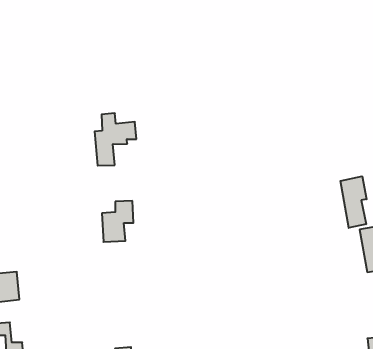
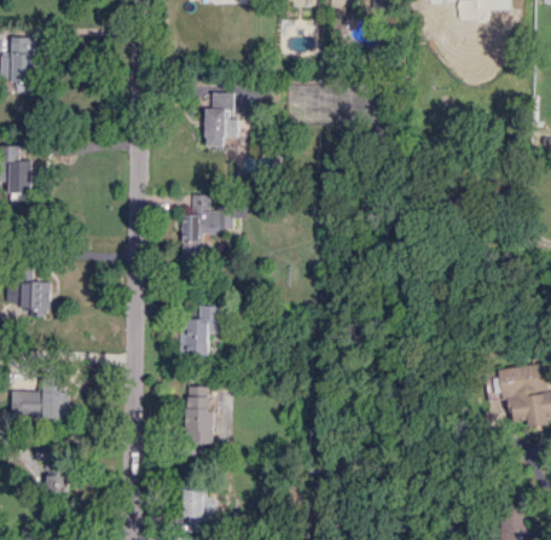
building: none -> [204,92,237,146]
building: [340,176,367,228] -> none
building: none -> [185,385,213,443]

